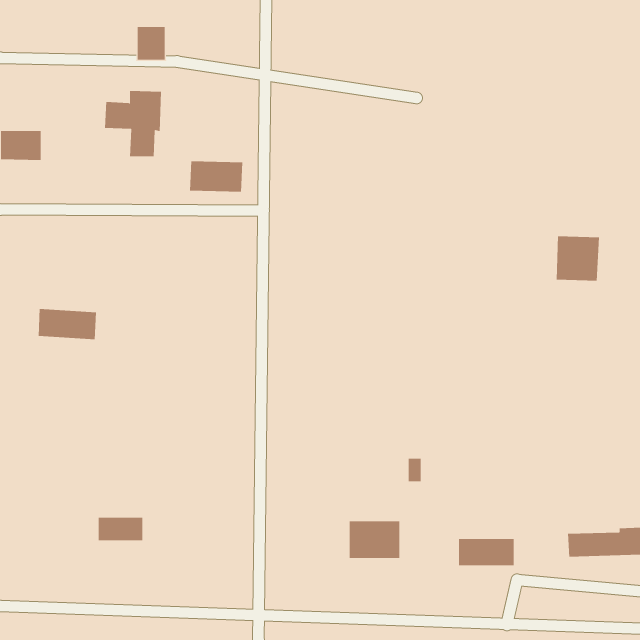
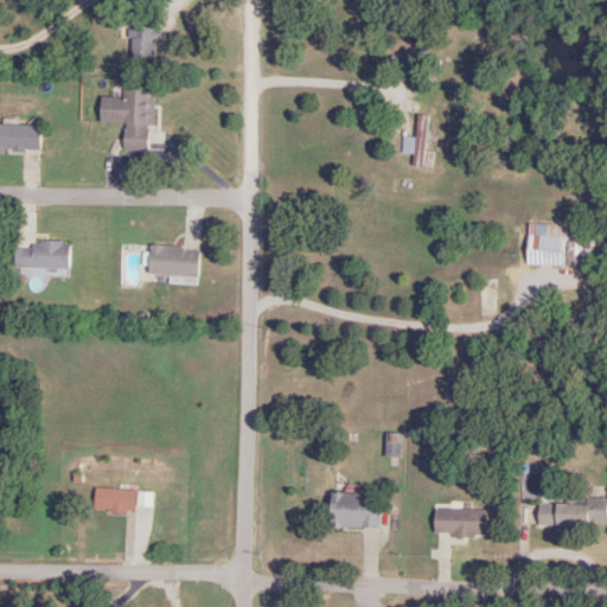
building: none -> [403,114,427,161]
building: [189,161,243,192] -> [148,245,199,275]
building: [38,309,97,340] -> [14,241,70,270]

